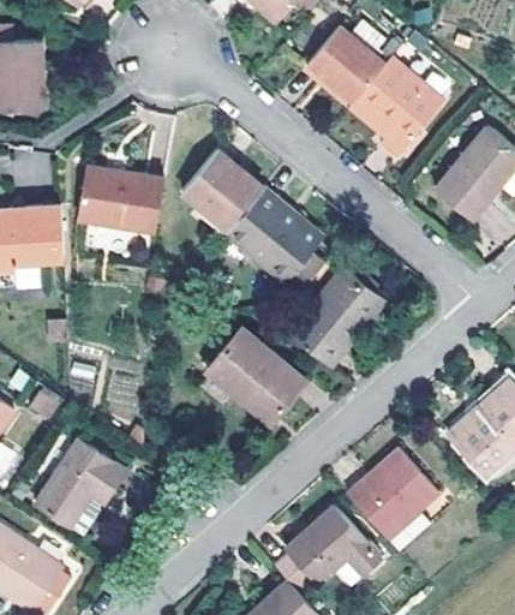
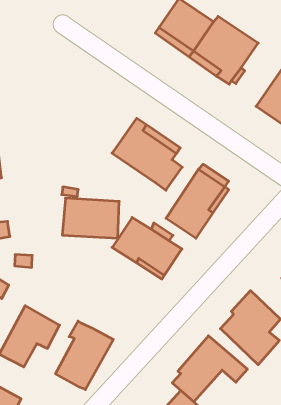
building: [178,148,263,232] -> none
building: [78,167,163,231] -> [62,198,119,238]
building: none -> [56,321,113,390]

